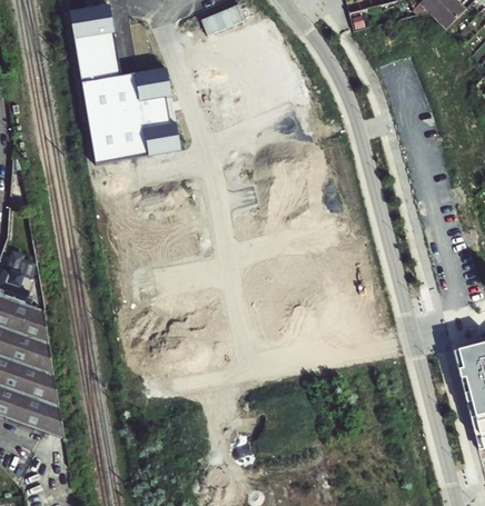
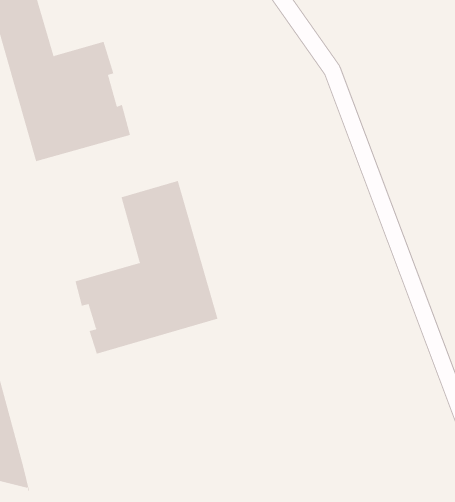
building: none -> [75,180,218,354]

